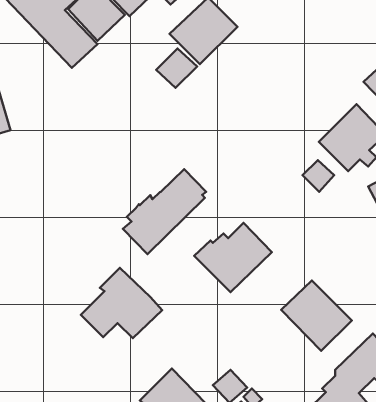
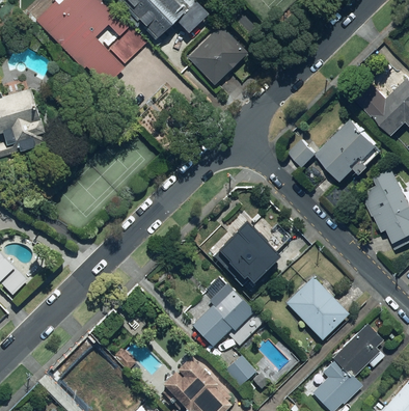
building: [156,48,197,88] -> none
building: [303,160,334,192] -> [289,140,317,168]
building: [123,169,206,254] -> none
building: [81,268,162,338] -> [192,283,264,346]

